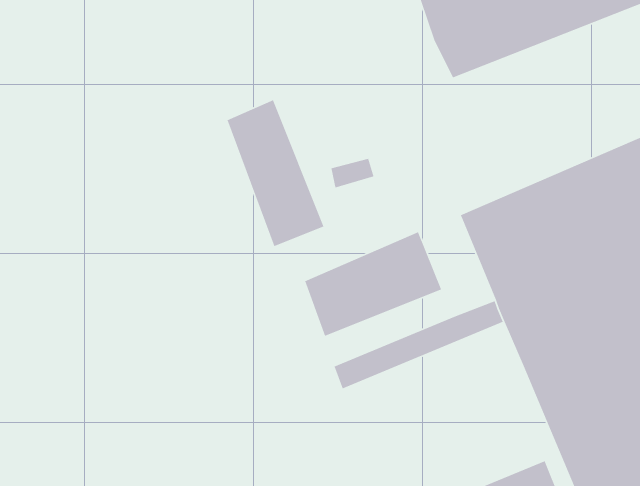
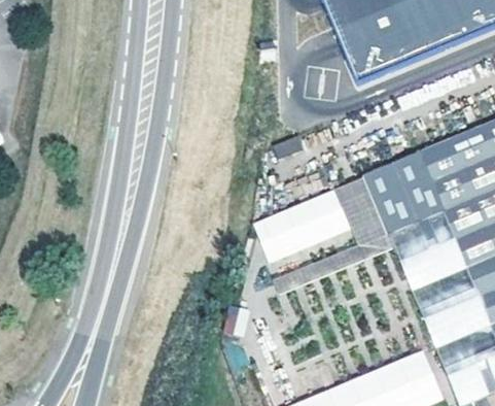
building: [227,99,325,247] -> none
building: none -> [334,175,388,246]

